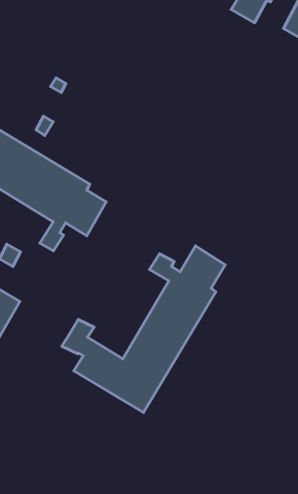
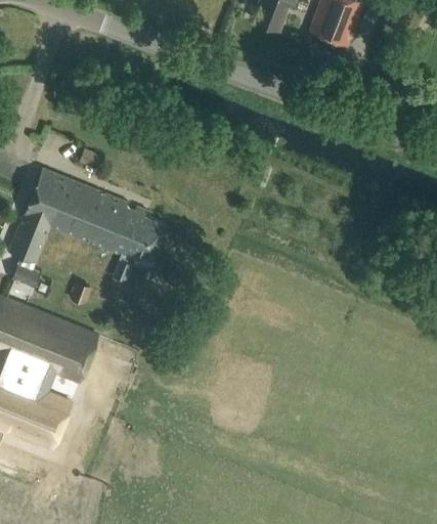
building: [62,246,225,412] -> none

